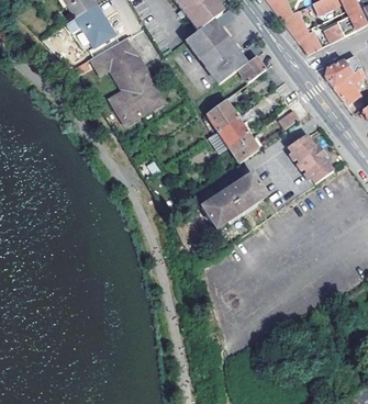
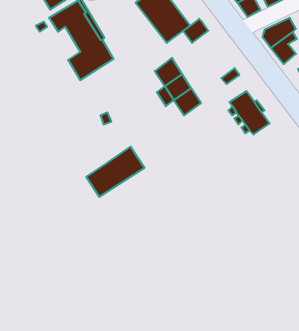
building: [202,172,266,227] -> [86,147,145,197]

